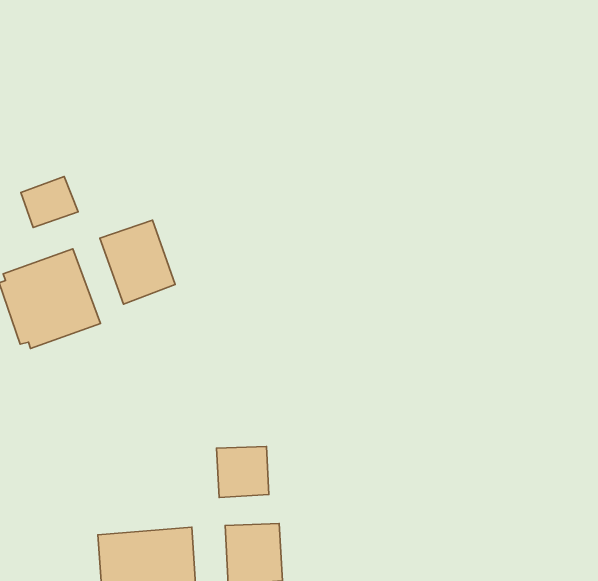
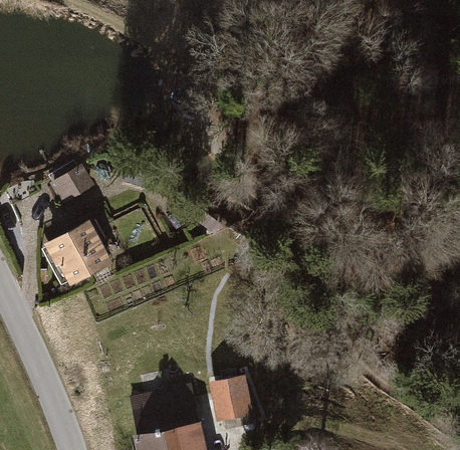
building: [100,220,175,304] -> none
building: [217,446,269,498] -> none

